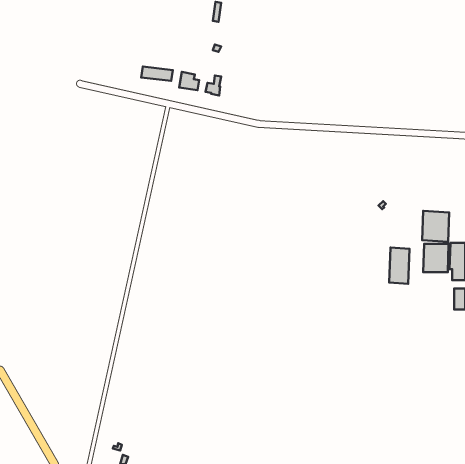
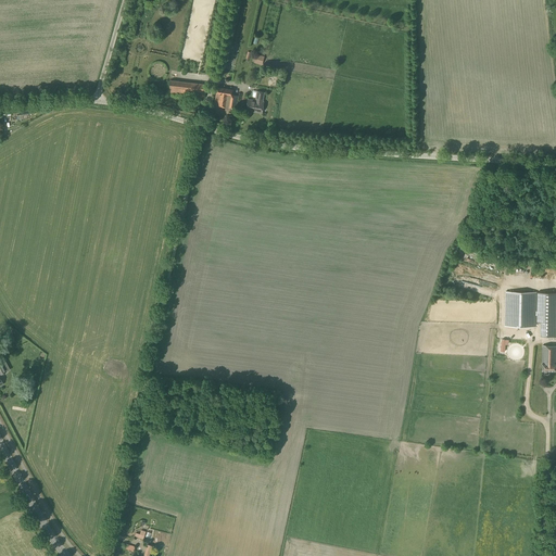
building: [422,211,449,242] -> none
building: [389,247,409,284] -> none

